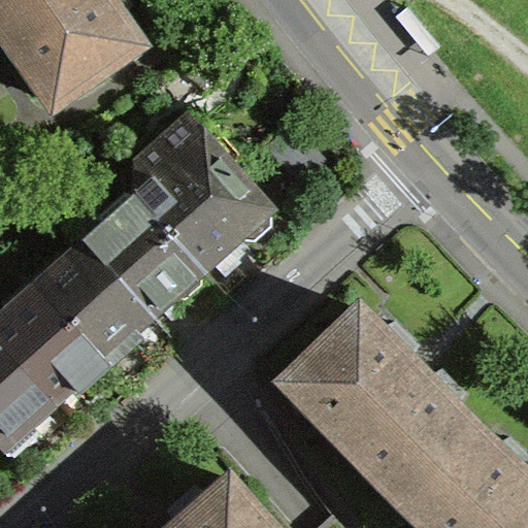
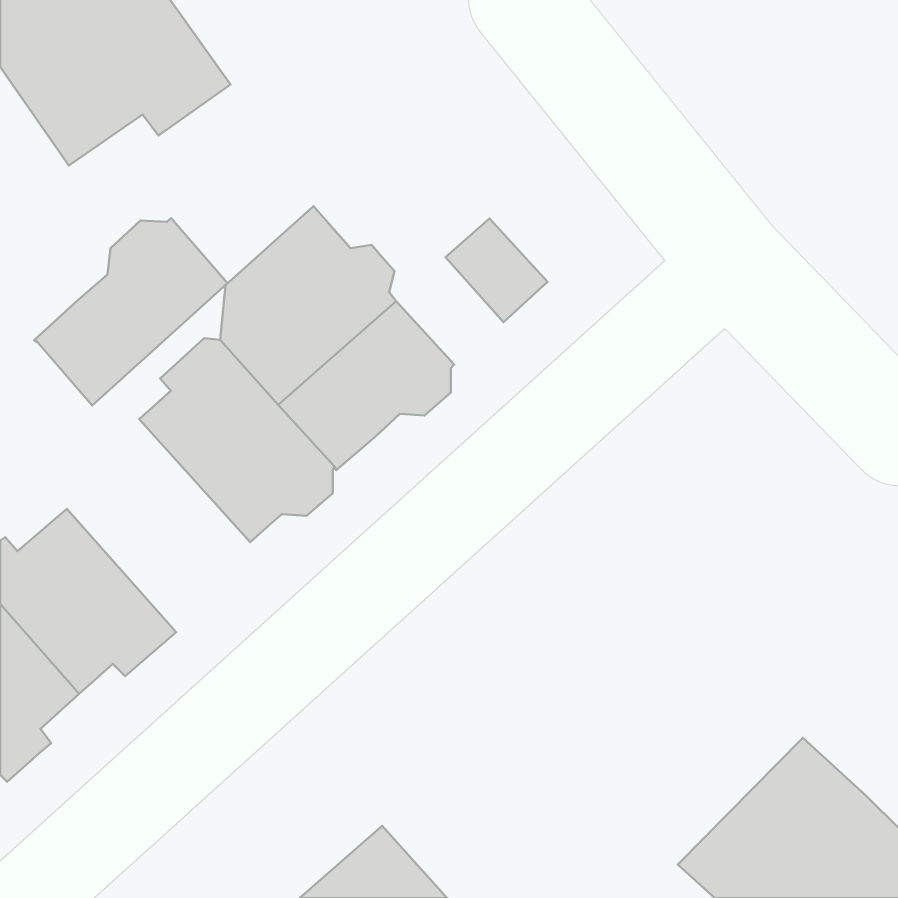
building: none -> [34,218,228,406]
building: [40,245,147,370] -> none
building: [279,312,471,506] -> none

